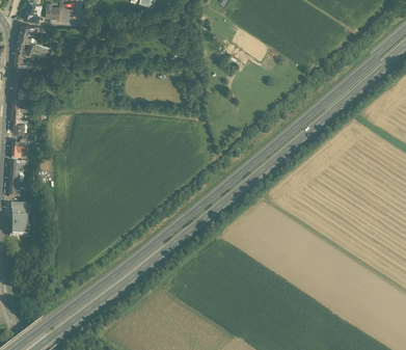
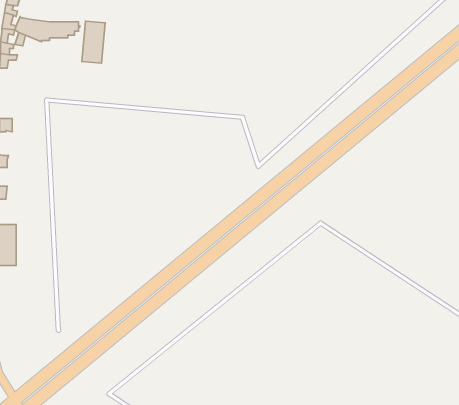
building: none -> [82,21,105,63]

